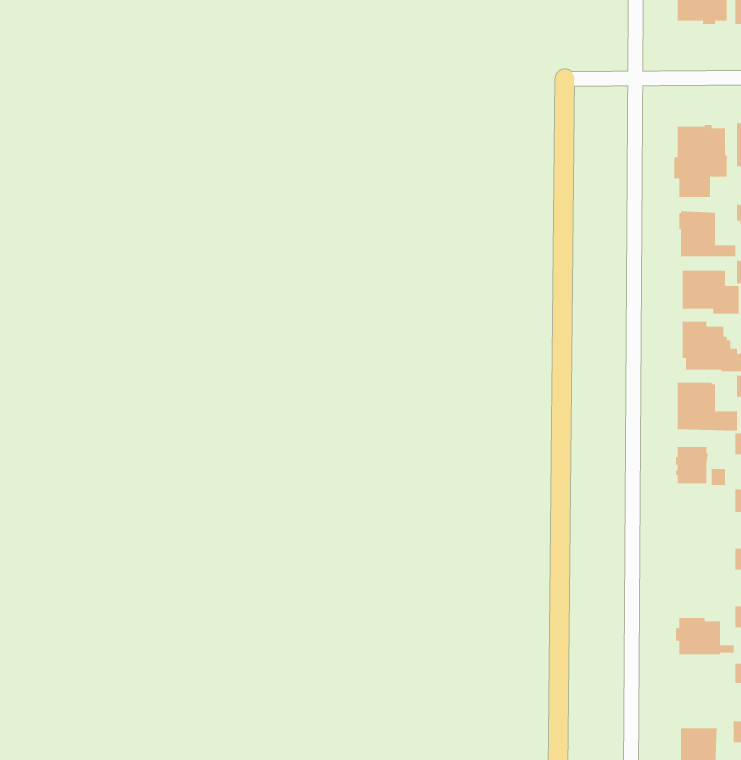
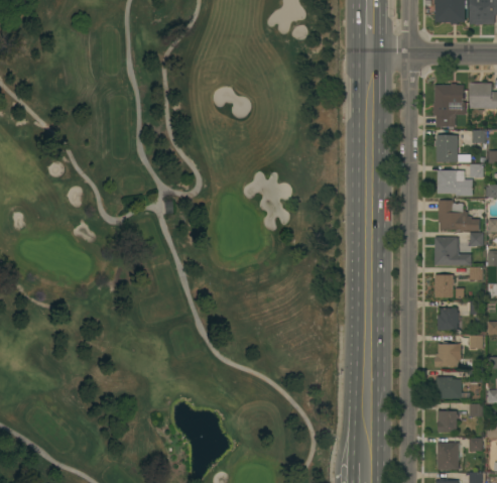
building: none -> [438,309,459,330]
building: none -> [436,342,460,367]
building: none -> [438,411,459,433]

